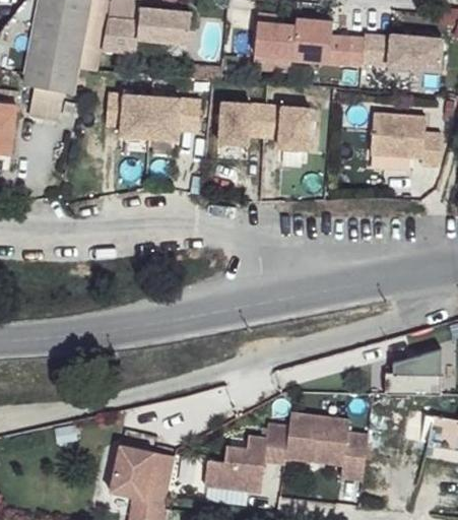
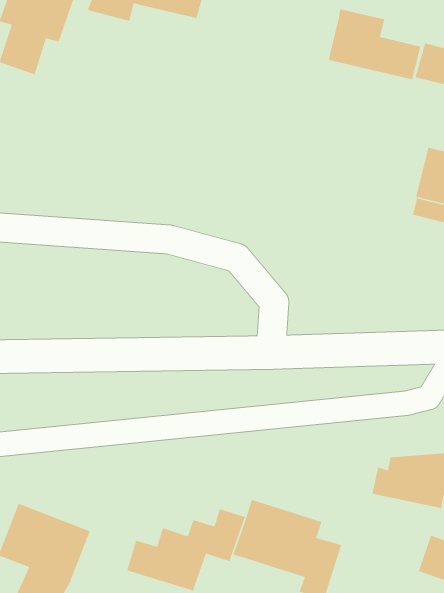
building: [255,24,295,60] -> none
building: [107,93,201,139] -> none
building: [219,102,310,147] -> none

